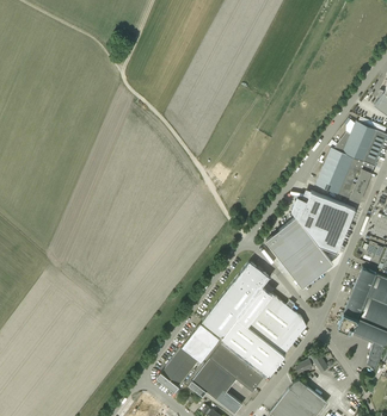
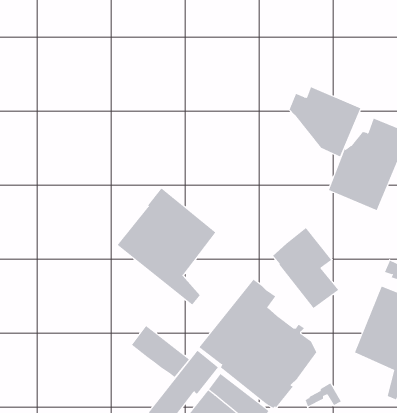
building: none -> [117,188,216,305]
building: [291,192,355,254] -> [289,86,361,157]
building: none -> [131,325,190,378]

